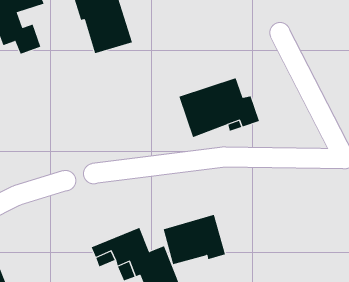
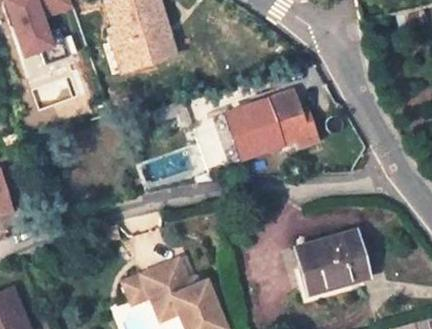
building: [163,214,226,265] -> [297,229,369,287]

